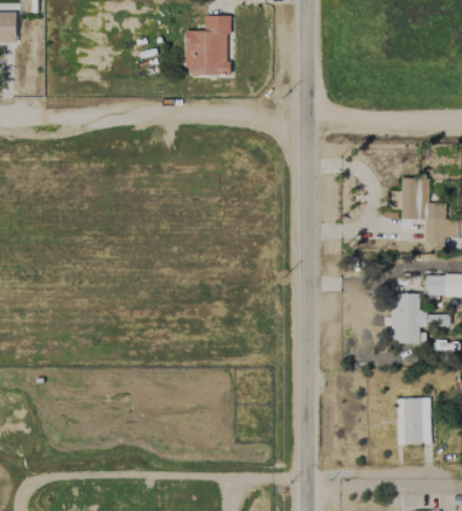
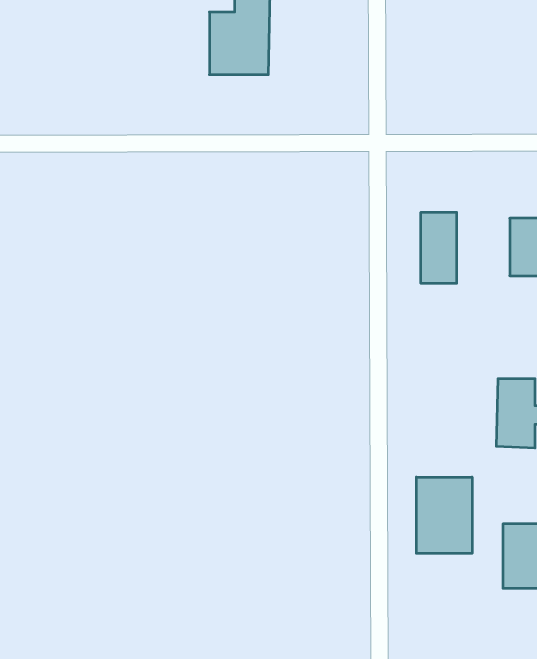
building: none -> [421,212,457,283]
building: none -> [416,477,472,553]

